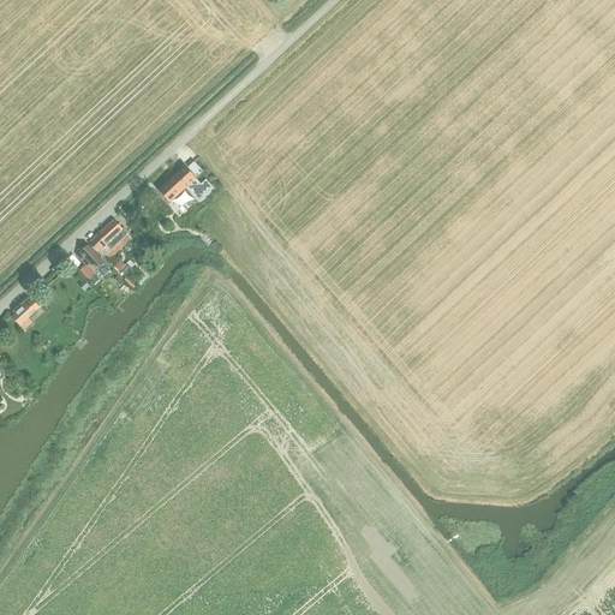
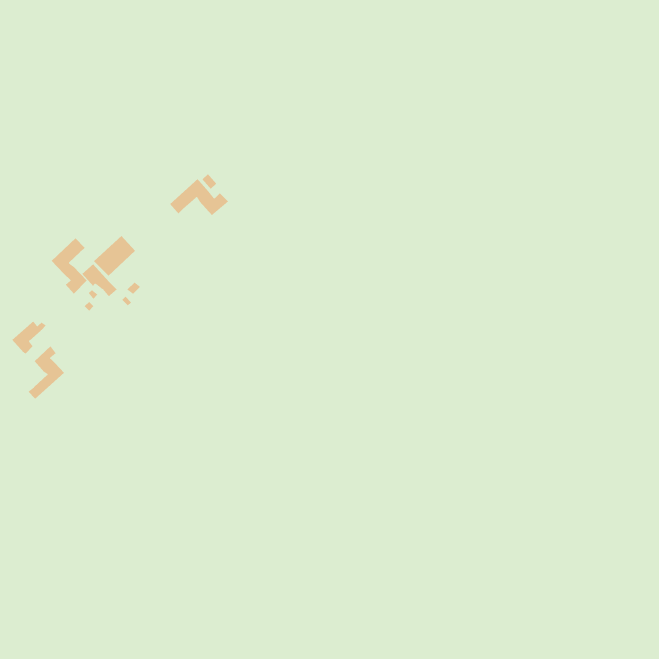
building: none -> [51,238,87,295]
building: none -> [28,346,65,399]

